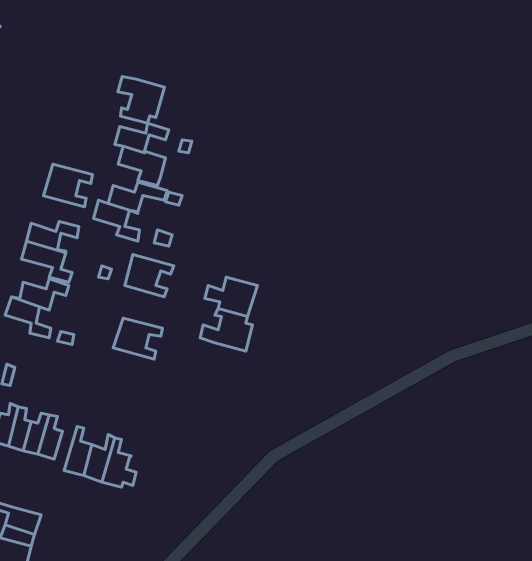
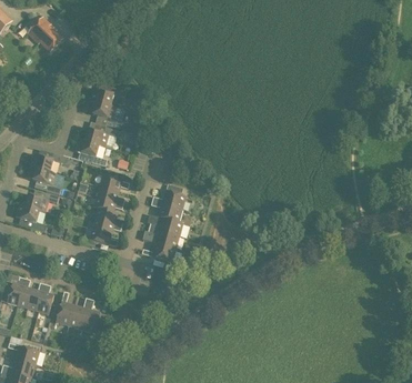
building: none -> [28,17,61,51]
building: [118,77,164,123] -> none
building: [44,164,92,207] -> none
building: none -> [92,195,122,224]
building: none -> [141,234,178,261]

